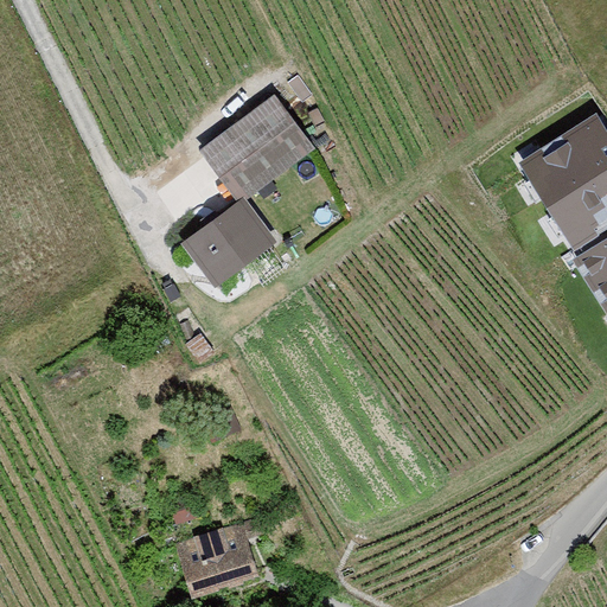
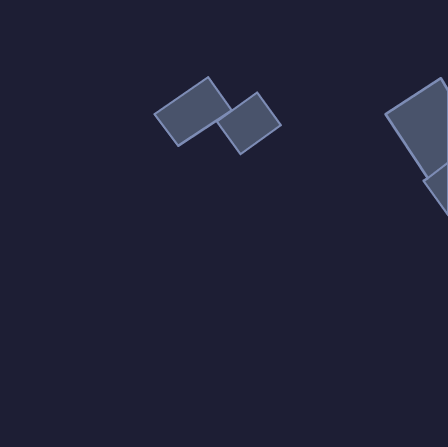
building: [186,199,273,282] -> [217,93,281,154]
building: [175,520,263,601] -> none

